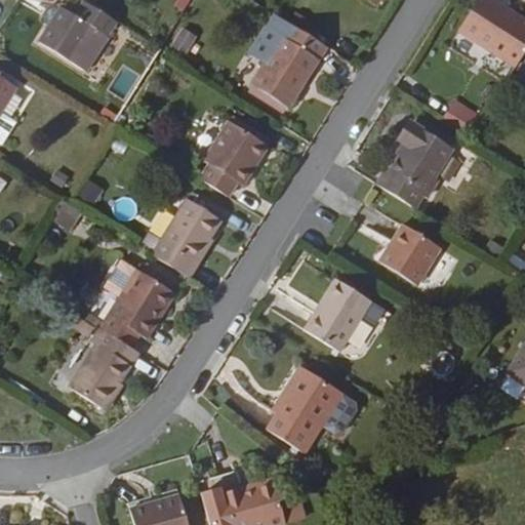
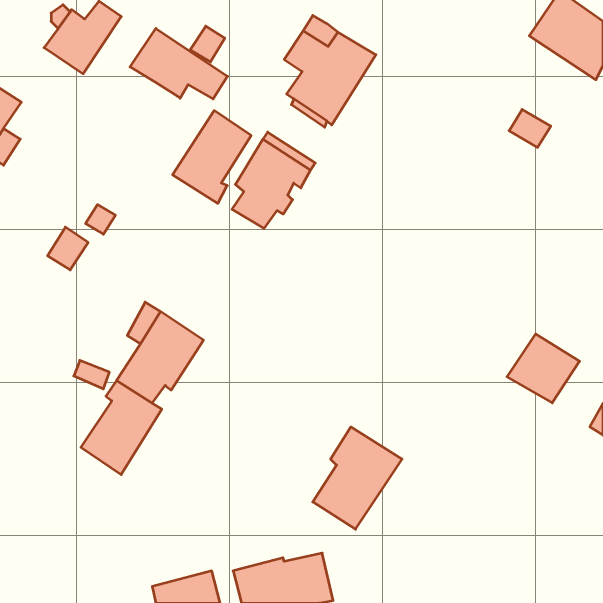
building: none -> [130,28,228,99]
building: [378,123,454,208] -> none
building: [154,198,221,278] -> [173,111,251,203]
building: [381,226,444,285] -> [507,334,580,403]
building: [307,283,375,353] -> none

